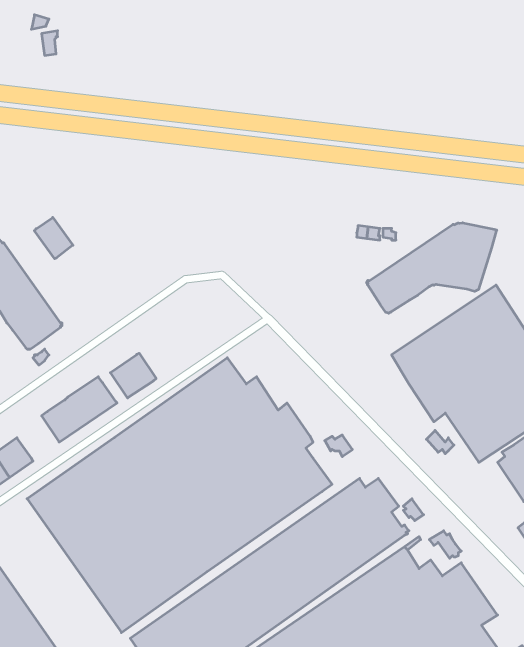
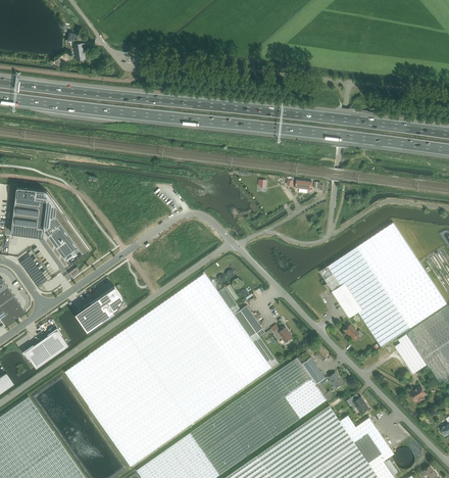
building: [34,217,73,259] -> none
building: [367,223,497,313] -> none
building: [110,353,156,398] -> none

